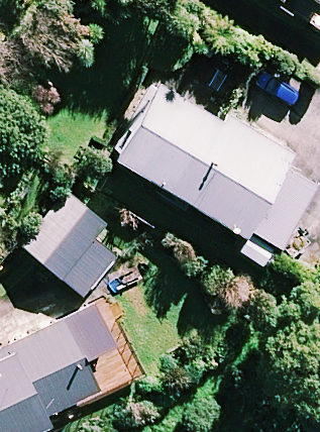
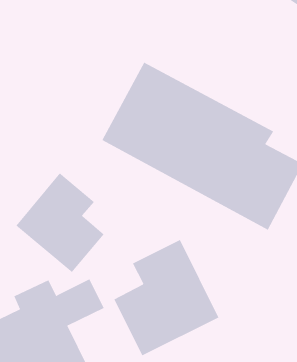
building: none -> [113,239,219,356]

